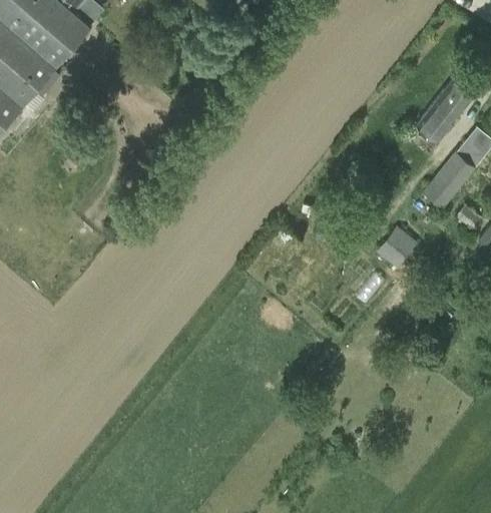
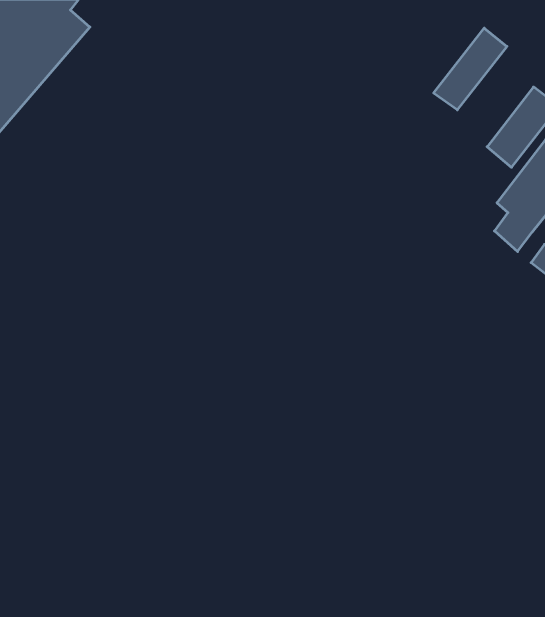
building: none -> [434,28,507,110]
building: [375,228,416,269] -> none

